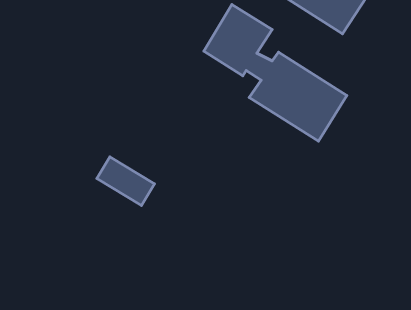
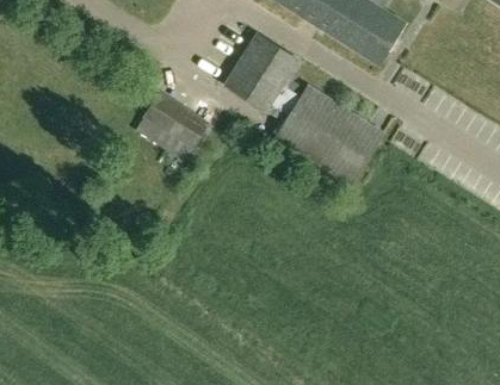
building: [97,157,154,206] -> [144,94,208,148]

